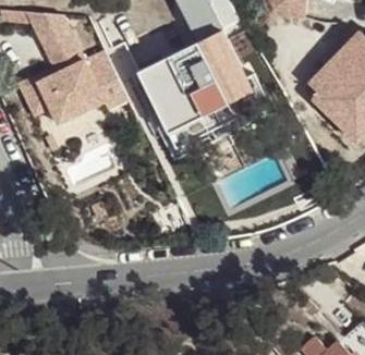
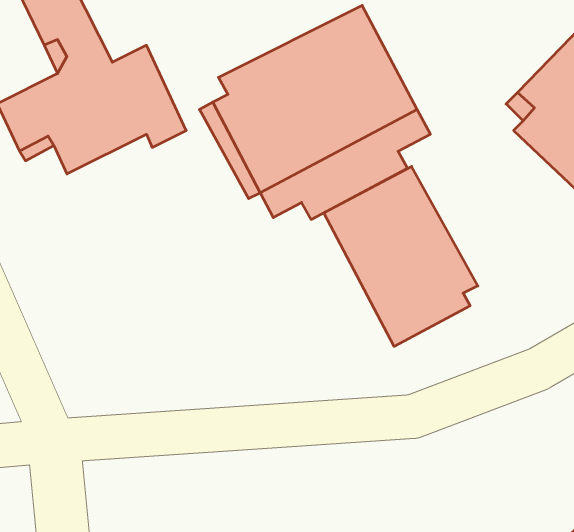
building: none -> [324,166,478,346]

